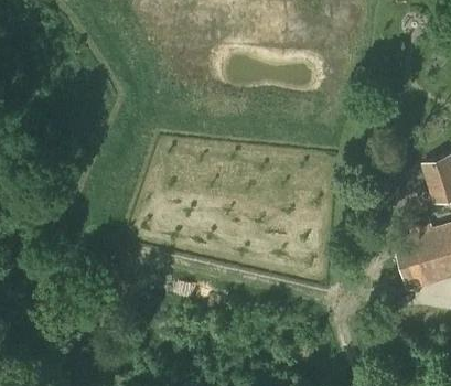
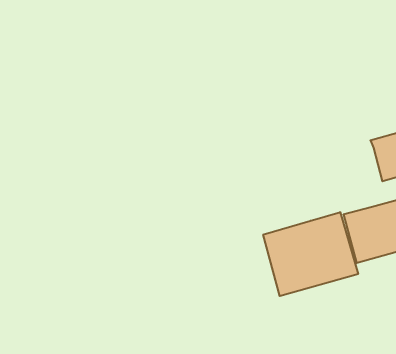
building: none -> [263,212,358,296]

